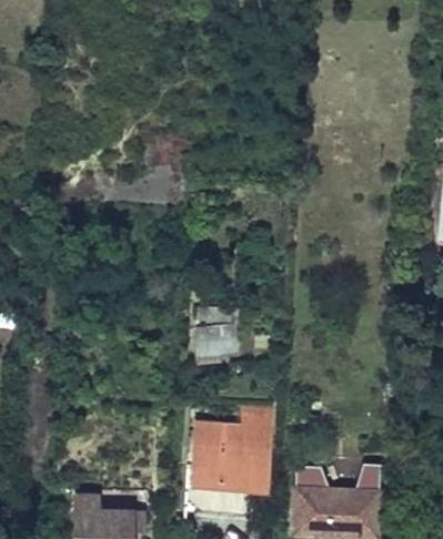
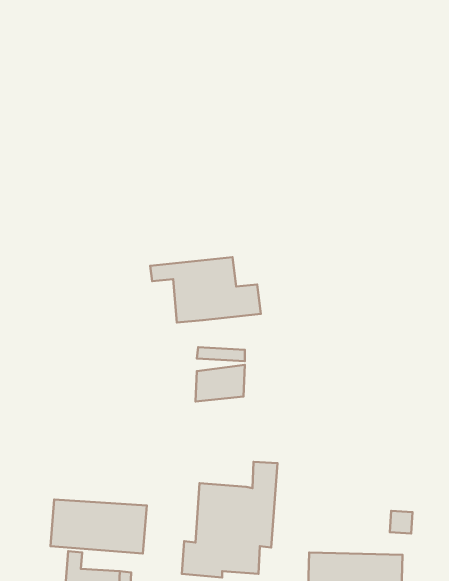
building: none -> [150,257,261,322]
building: none -> [51,500,147,553]

